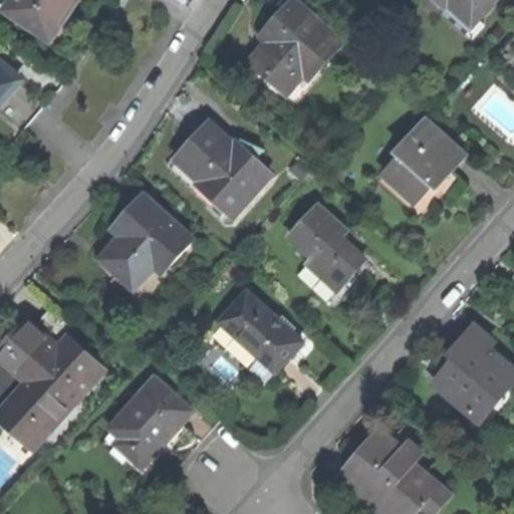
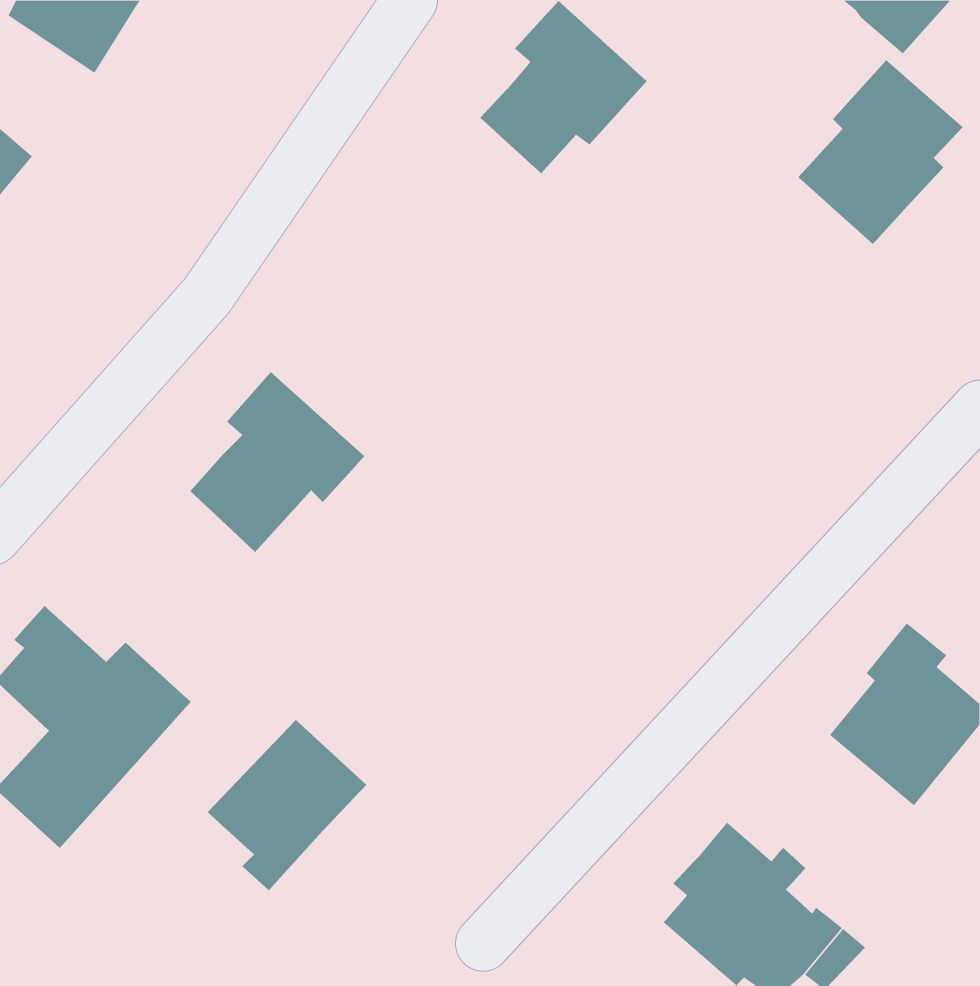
building: [379,119,466,216] -> [797,59,964,245]
building: [177,120,268,212] -> none
building: [289,207,365,291] -> none
building: [218,291,300,370] -> none

